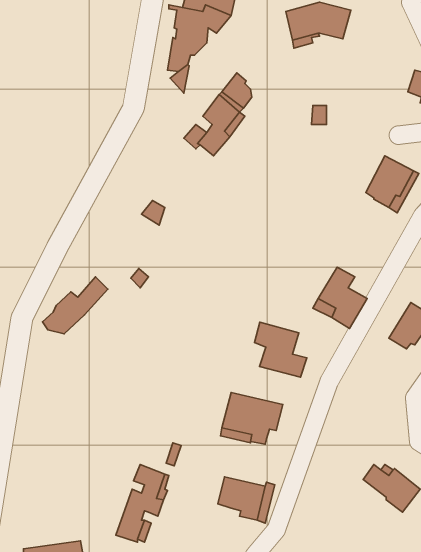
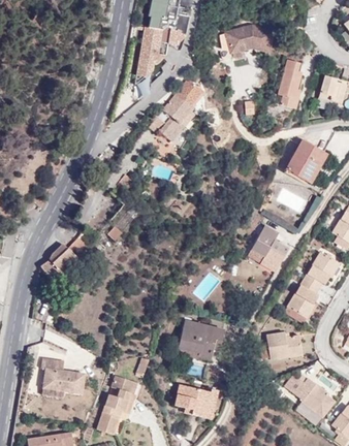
building: none -> [276,59,300,107]
building: [255,322,307,377] -> none
building: none -> [286,279,318,318]
building: none -> [265,332,302,359]
building: none -> [41,358,84,396]

